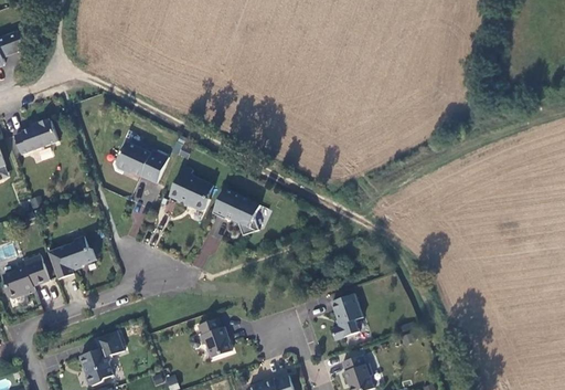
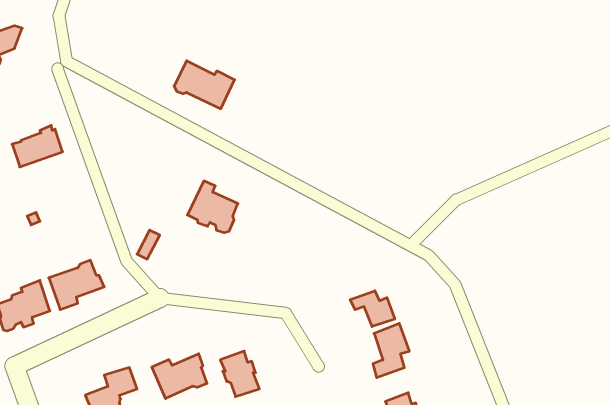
building: [115,143,168,185] -> [174,61,235,109]
building: [211,190,259,238] -> none
building: none -> [350,291,395,327]
building: none -> [152,354,207,399]

